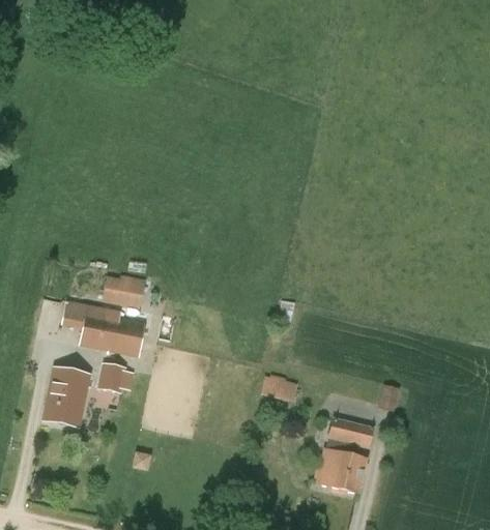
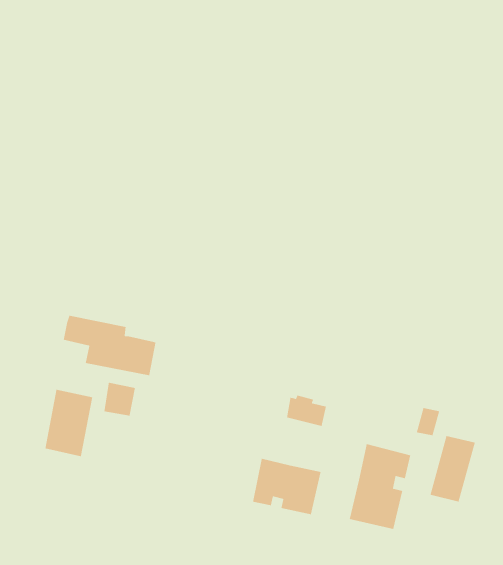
building: [100,275,144,311] -> none
building: none -> [429,435,476,502]
building: none -> [252,458,321,515]

